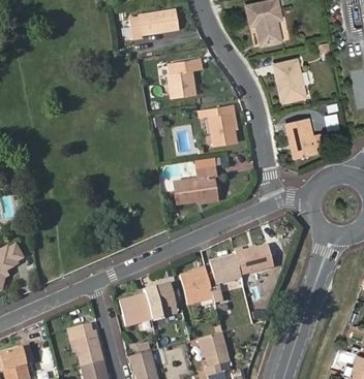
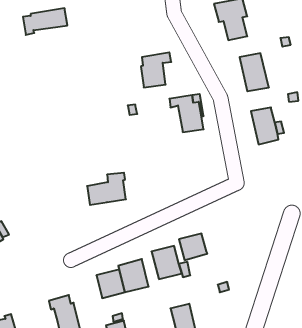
building: [129,9,178,38] -> [23,8,67,35]
building: [174,167,216,202] -> [87,173,126,205]
building: [233,245,272,276] -> none

